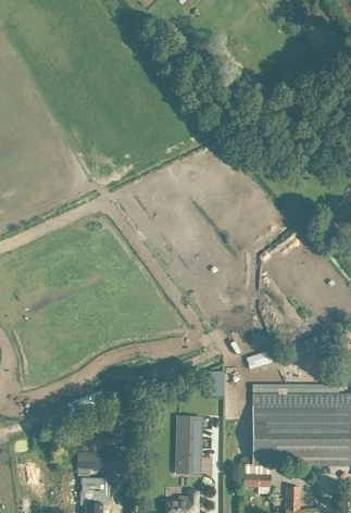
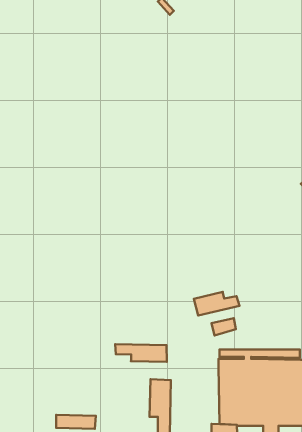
building: none -> [194,292,240,315]
building: none -> [115,344,167,362]

